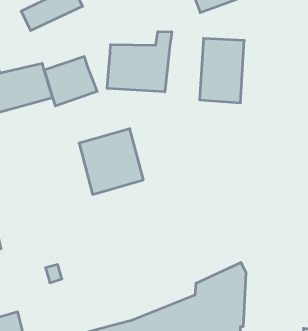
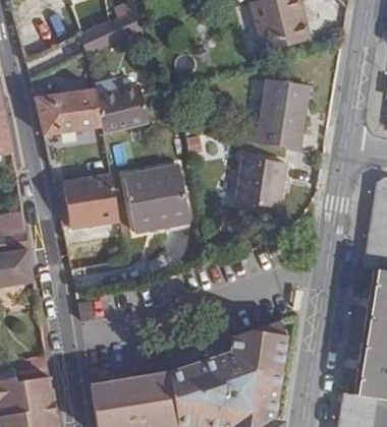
building: [107,32,172,92] -> none
building: none -> [237,157,287,208]
building: none -> [62,174,120,230]

